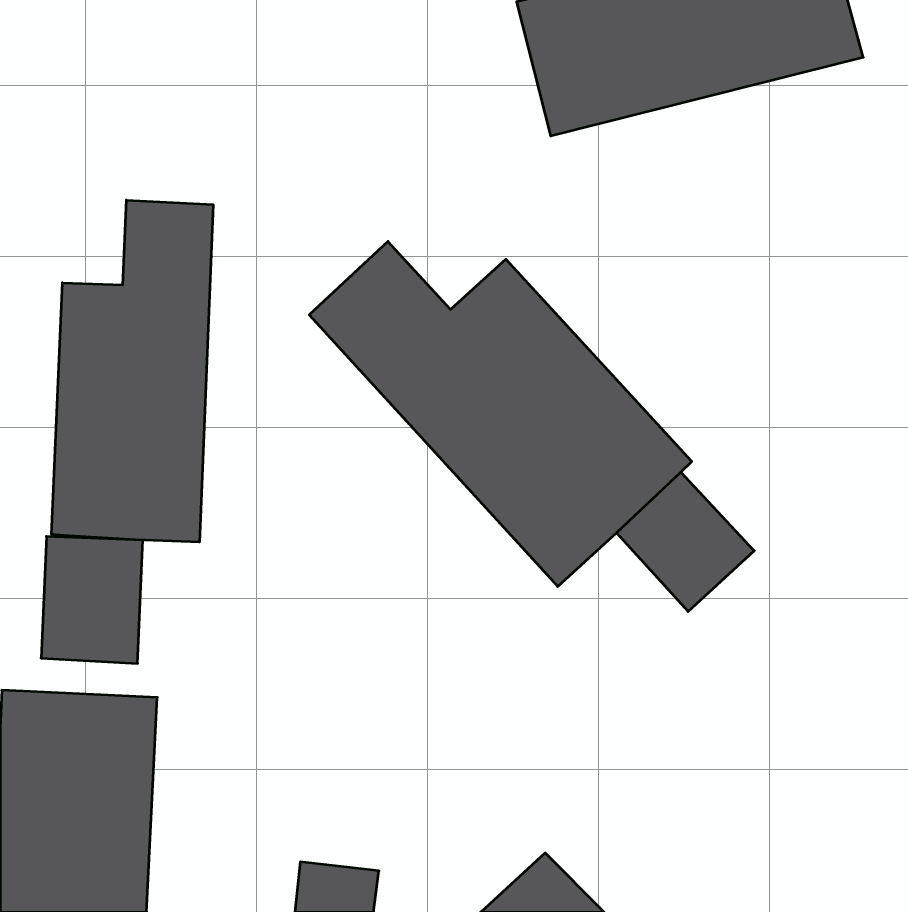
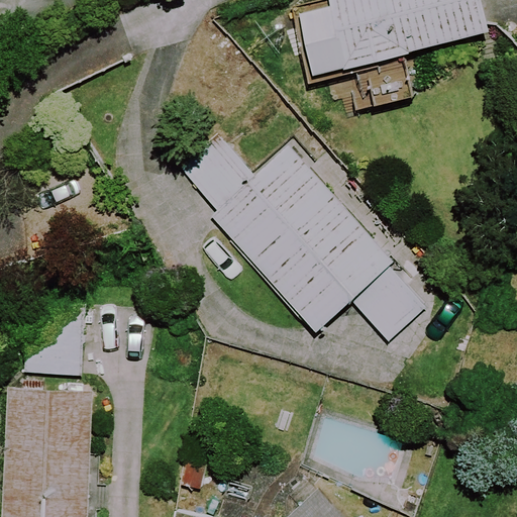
building: [52,200,213,542] -> none

